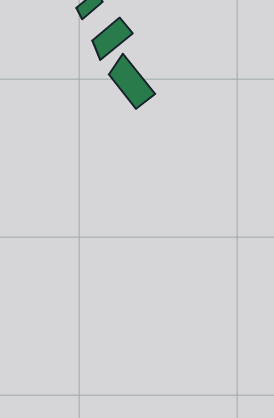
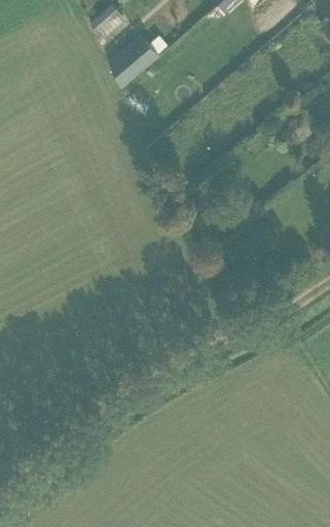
building: [109,54,155,109] -> none

